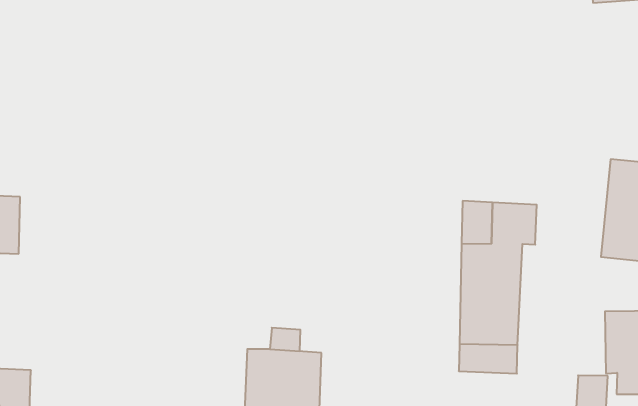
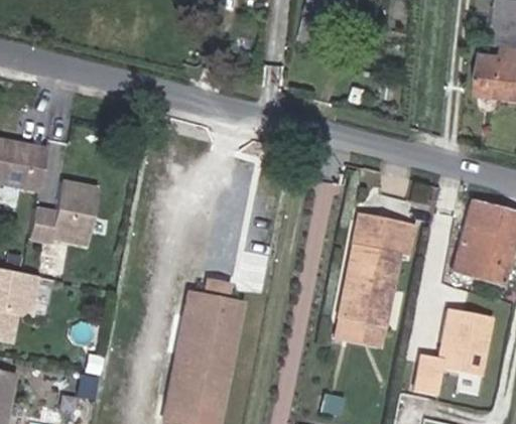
building: none -> [28,186,97,249]

